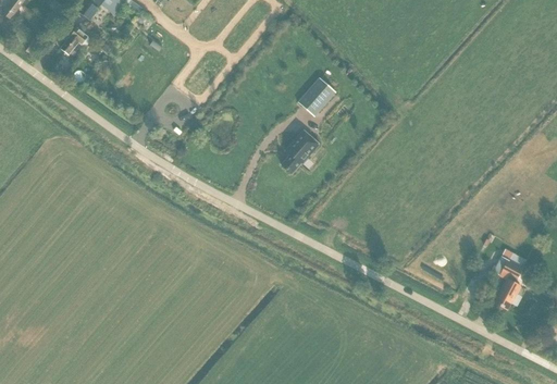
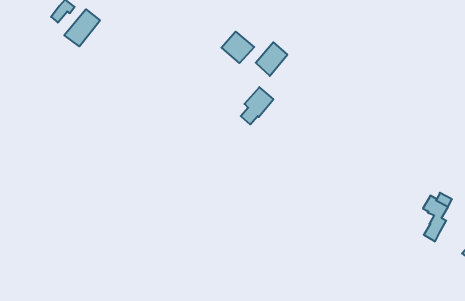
building: none -> [64,9,100,46]
building: none -> [221,32,254,63]

